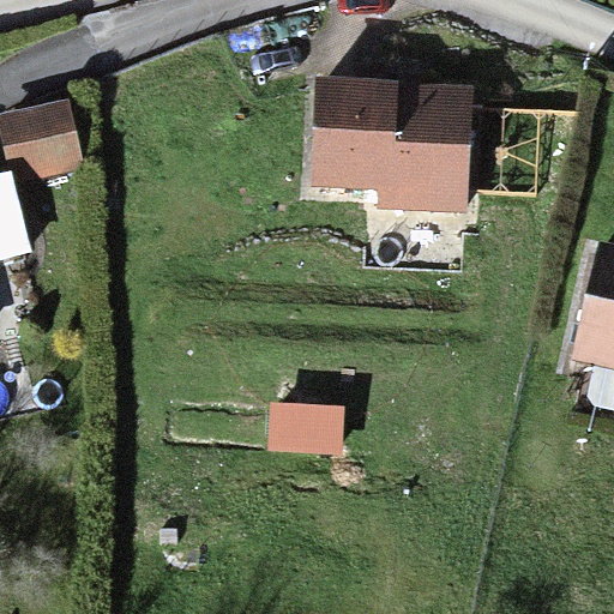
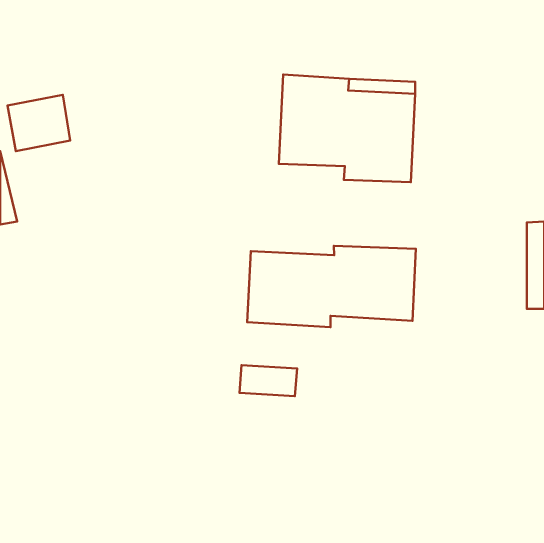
building: none -> [247,246,416,327]

